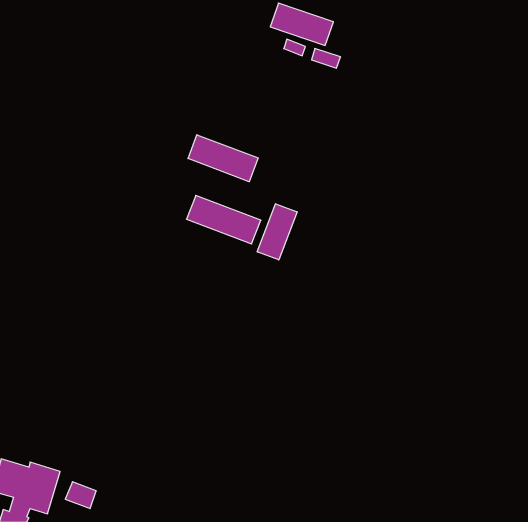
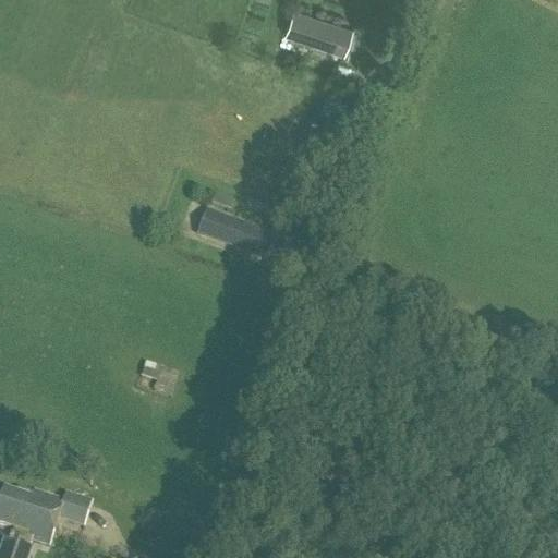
building: [188,135,258,182] -> none
building: [257,204,297,260] -> none

